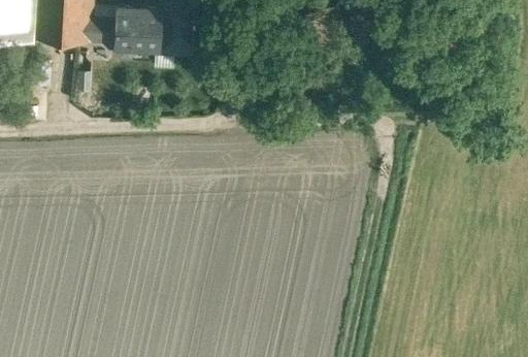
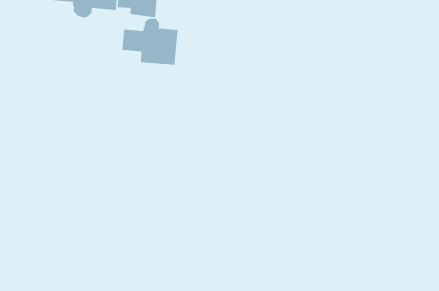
building: none -> [122,18,178,66]

